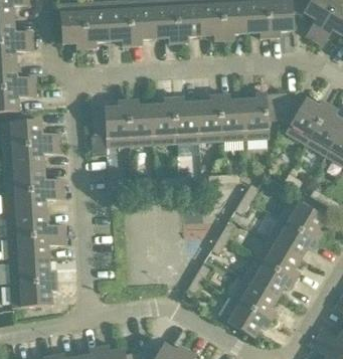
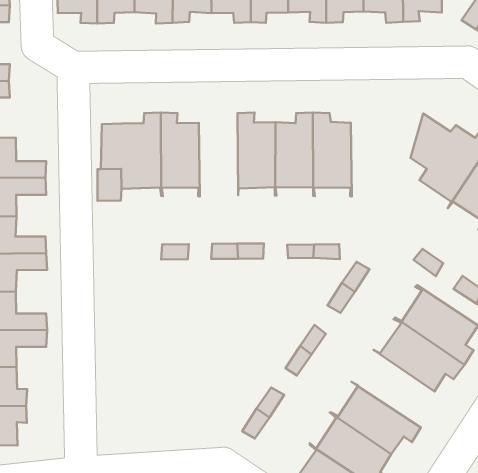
building: [244,93,288,145] -> none
building: [153,99,179,150] -> none
building: [253,236,304,282] -> none

